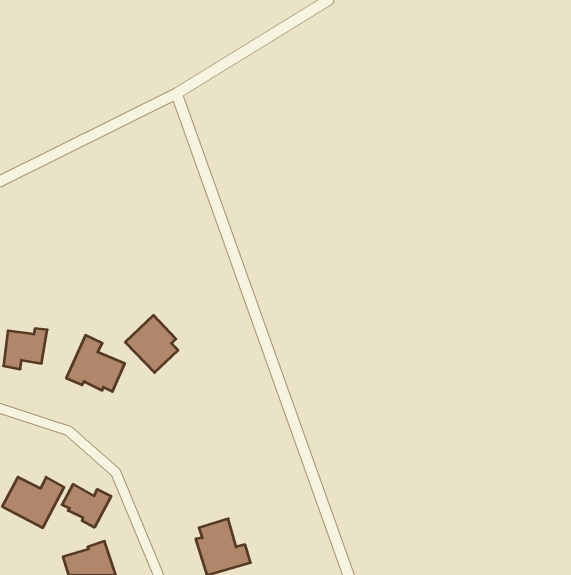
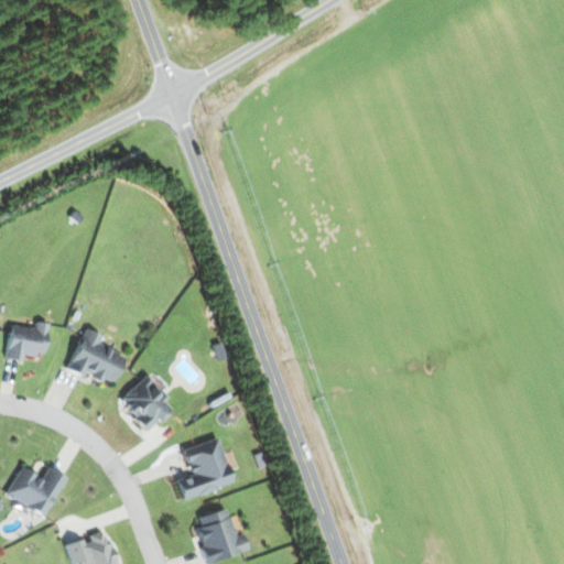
building: [125,315,178,373] -> [119,375,171,431]
building: none -> [176,438,232,499]
building: [62,484,111,527] -> none

